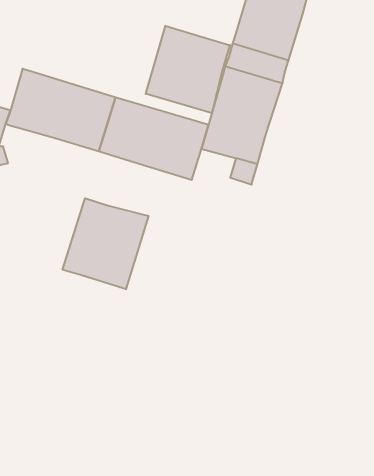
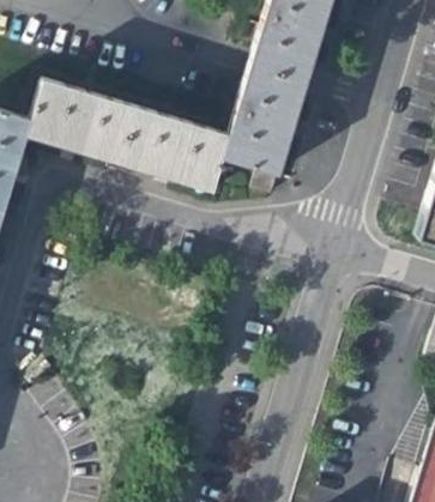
building: [146,26,230,113] -> none
building: [63,198,148,289] -> none

